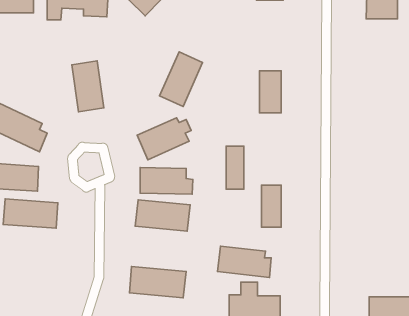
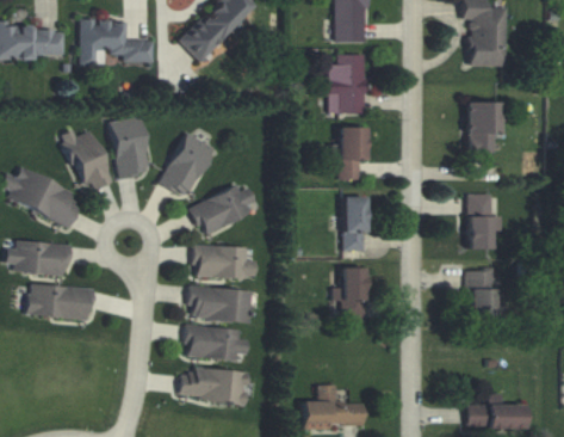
building: none -> [329,56,366,113]
building: none -> [467,101,501,154]
building: [160,52,203,107] -> [161,131,213,198]
building: none -> [63,130,112,192]
building: none -> [469,193,501,248]
building: [226,146,244,189] -> [343,197,365,250]
building: none -> [466,270,506,316]
building: [218,246,271,277] -> [184,325,249,363]

